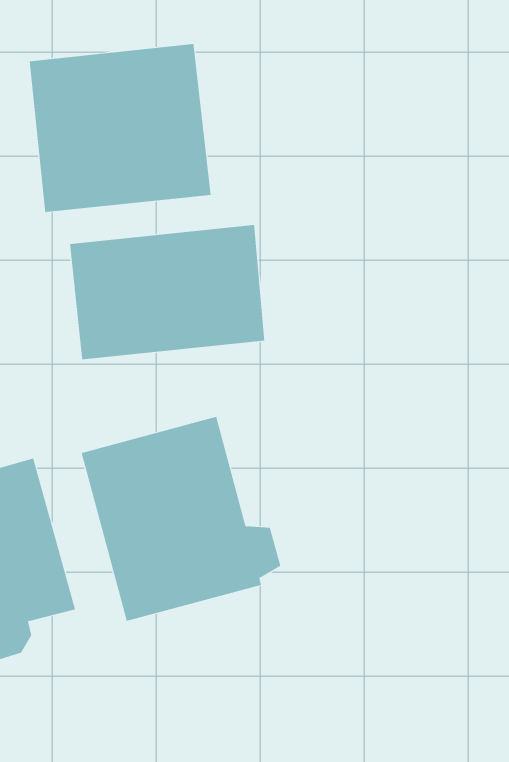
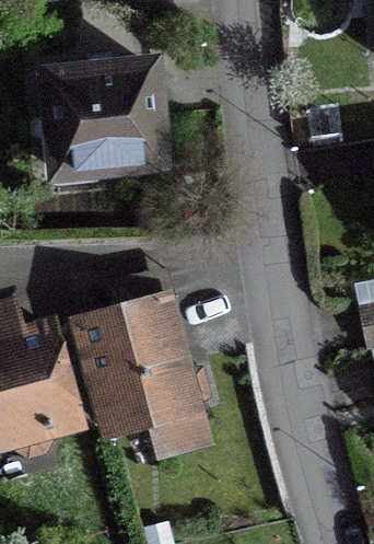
building: [69,224,265,360] -> none

